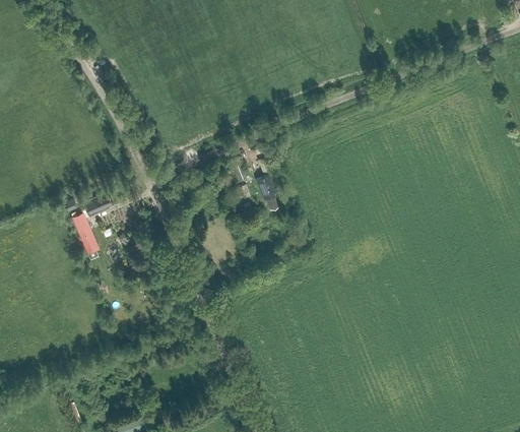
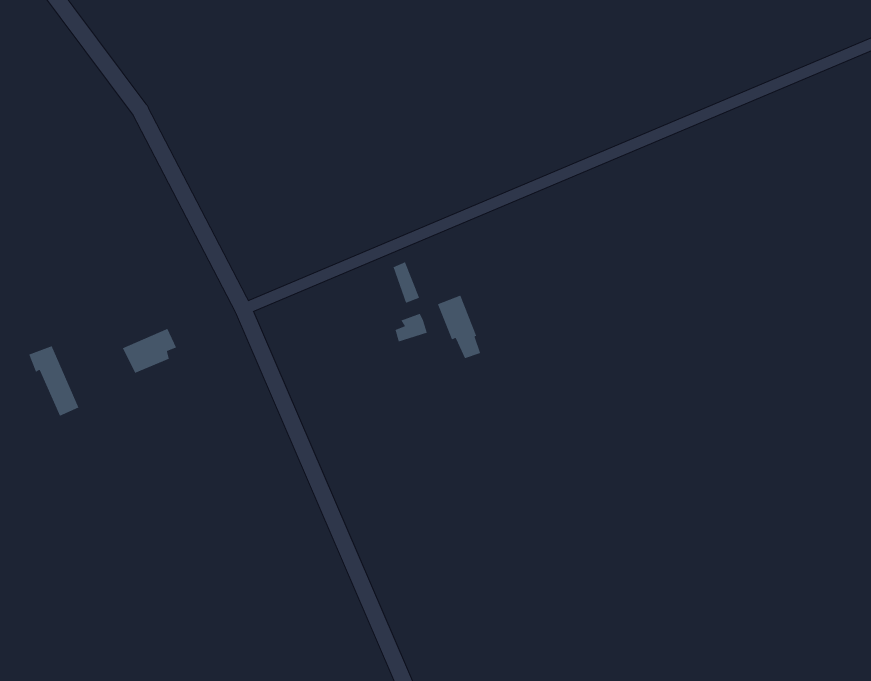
building: [70,214,99,254] -> [28,345,80,417]

